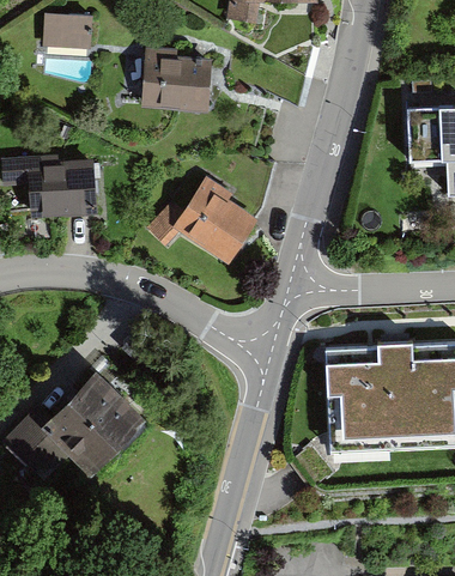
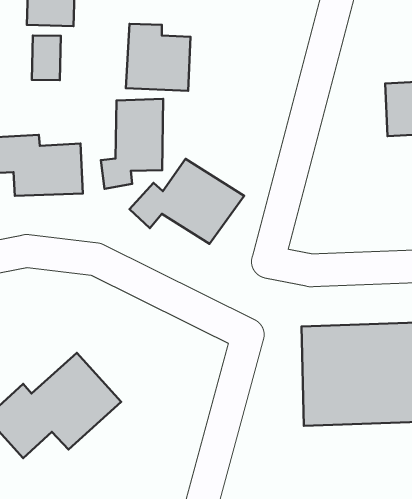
building: none -> [32,35,61,80]
building: none -> [101,99,163,189]

